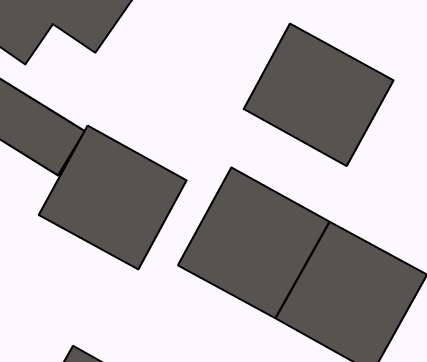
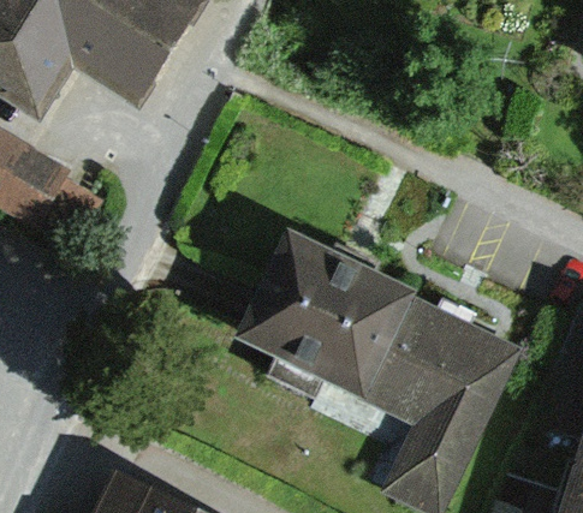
building: [244,24,393,166] -> none
building: [39,126,187,269] -> none

